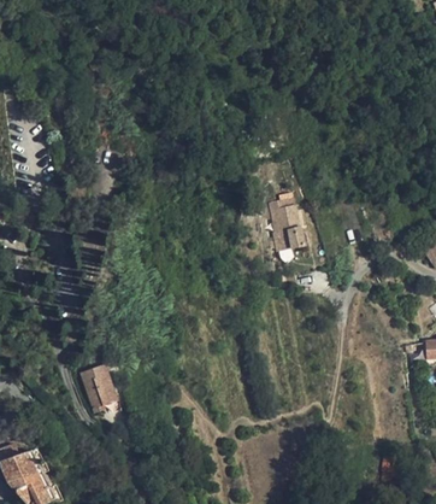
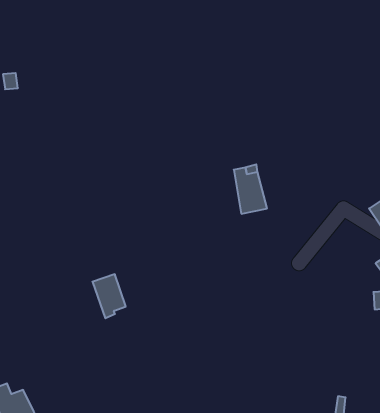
building: [81,364,118,414] -> [92,274,126,318]

